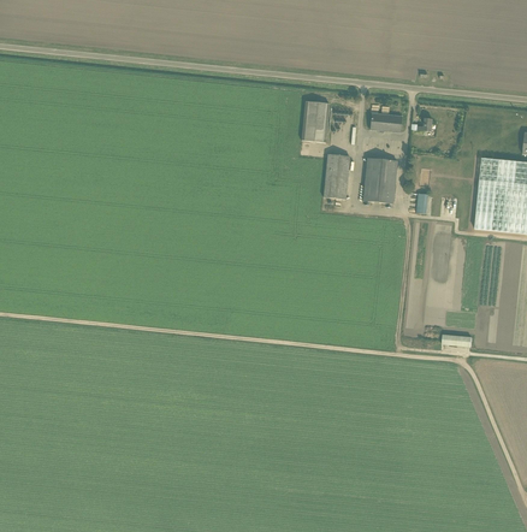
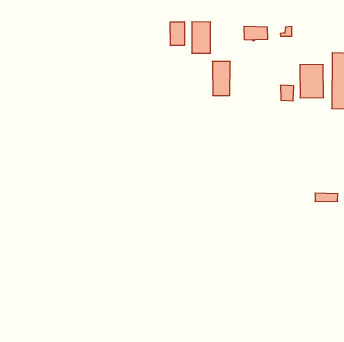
building: none -> [170,22,185,46]
building: [363,159,397,203] -> [300,65,324,98]

